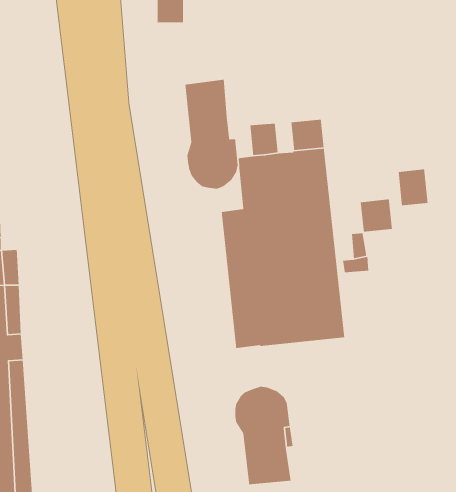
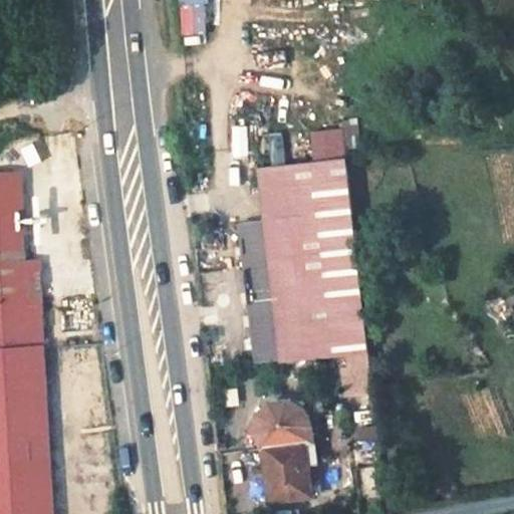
building: [185,79,238,190] -> none
building: [398,169,428,206] -> none
building: [360,199,393,232] -> none

